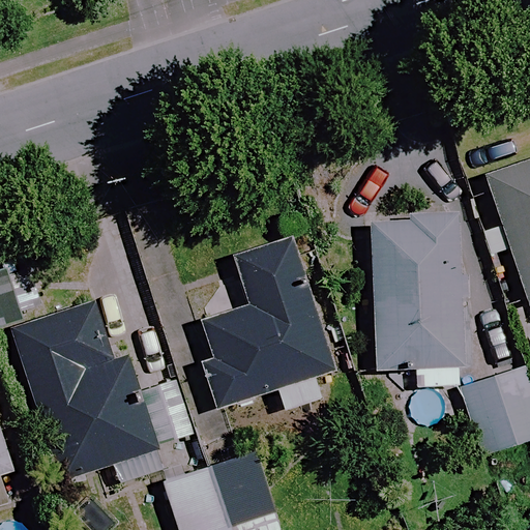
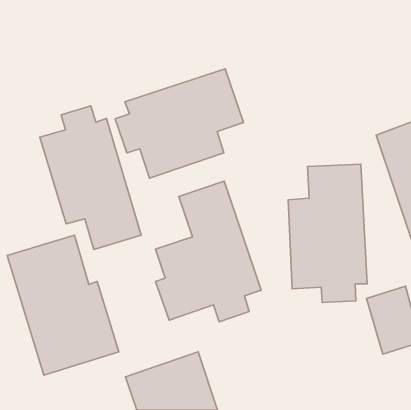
building: none -> [115,69,244,178]
building: none -> [40,106,141,250]

